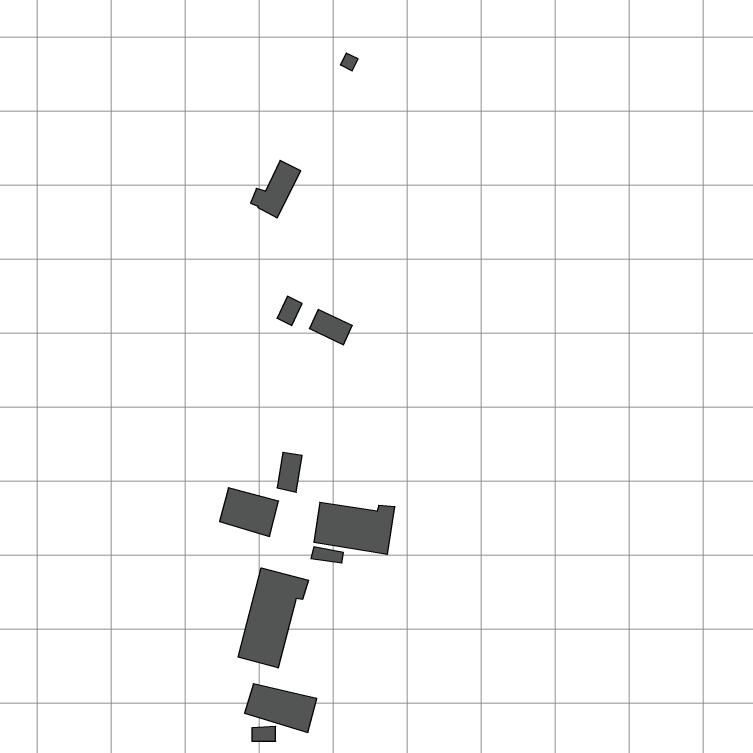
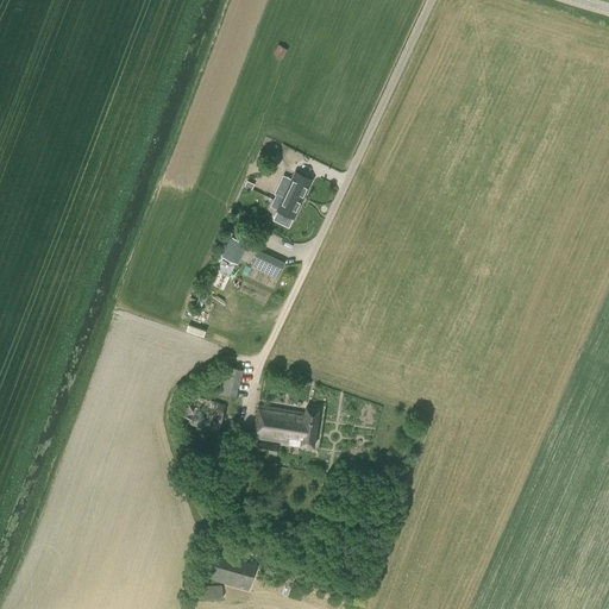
building: [251,160,301,218] -> [271,172,312,219]
building: [238,568,309,668] -> none

